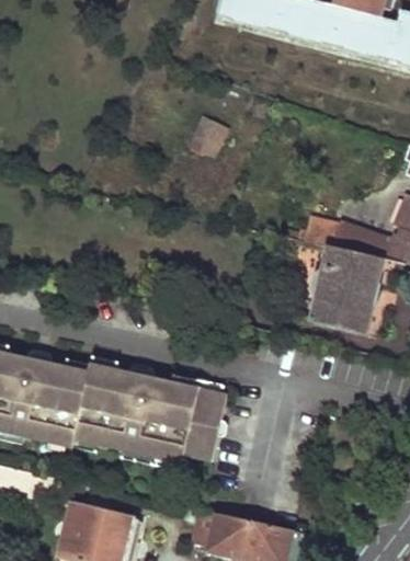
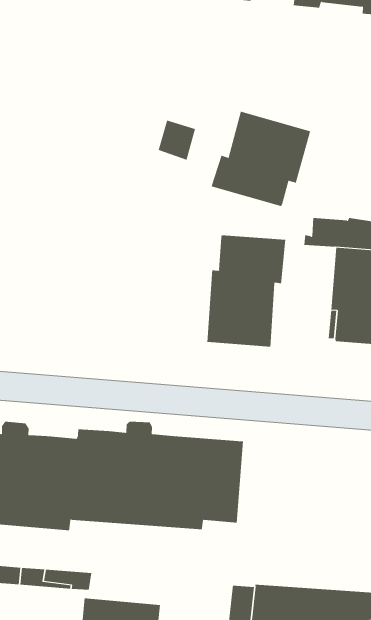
building: none -> [211,111,311,207]
building: none -> [207,234,286,347]

